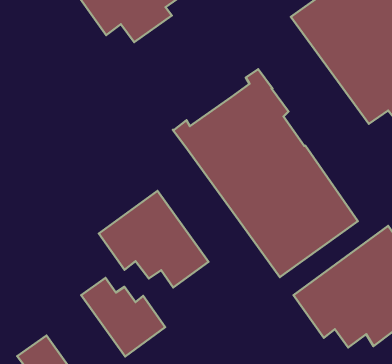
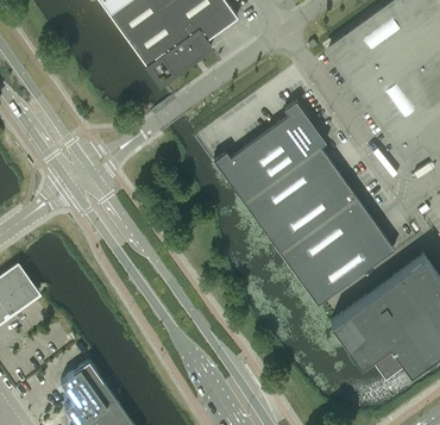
building: [99,191,209,287] -> none
building: [81,278,165,357] -> none

